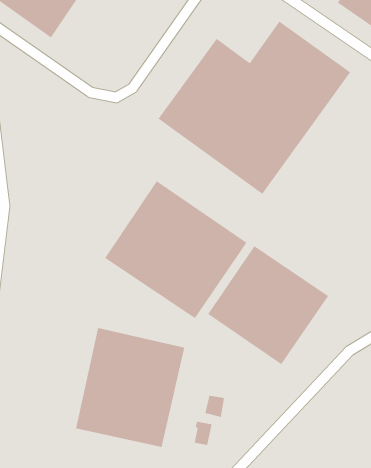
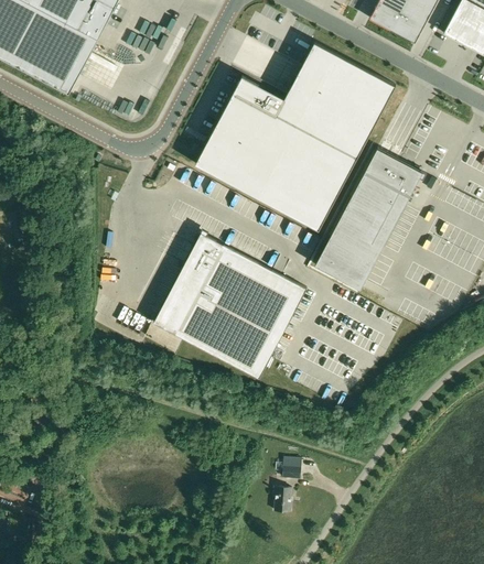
building: none -> [315,147,422,289]
building: [207,245,329,365] -> none
building: [75,327,185,448] -> none

